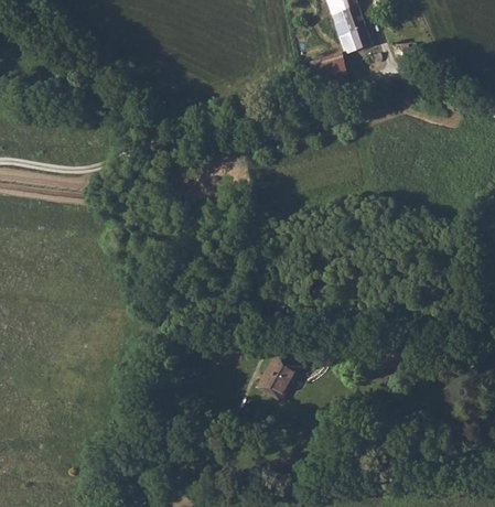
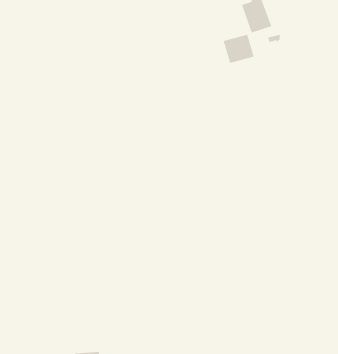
building: [257,353,301,401] -> none

